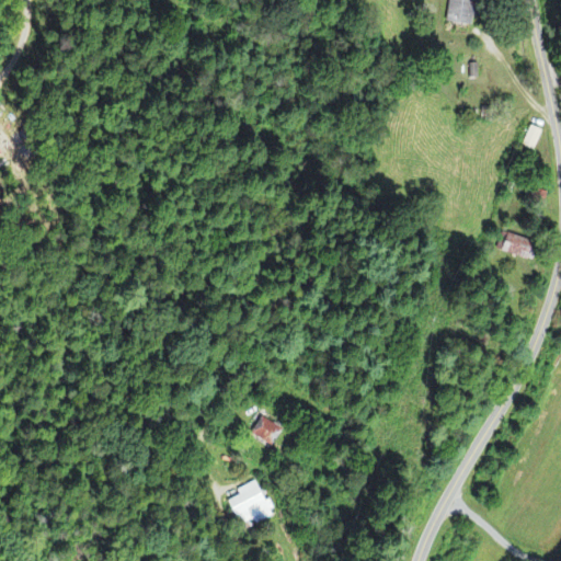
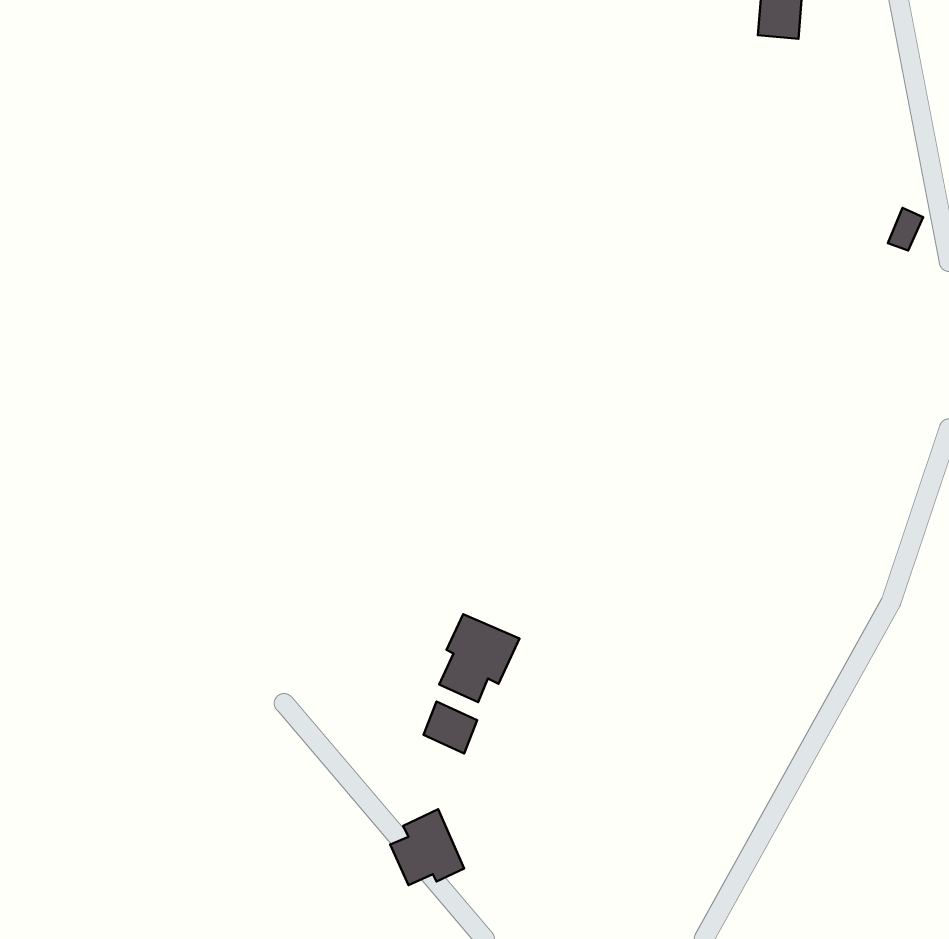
building: [495,233,536,257] -> none
building: none -> [439,614,520,702]

